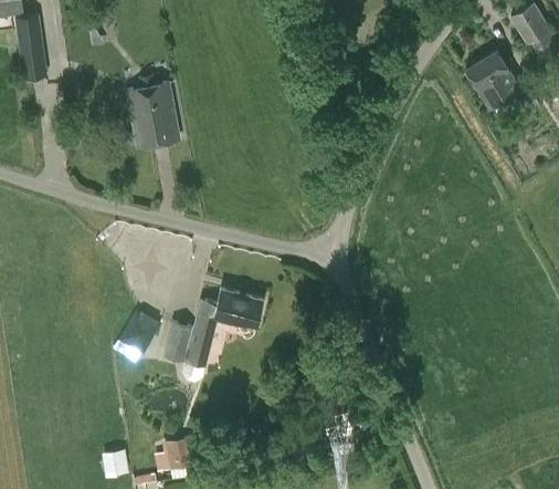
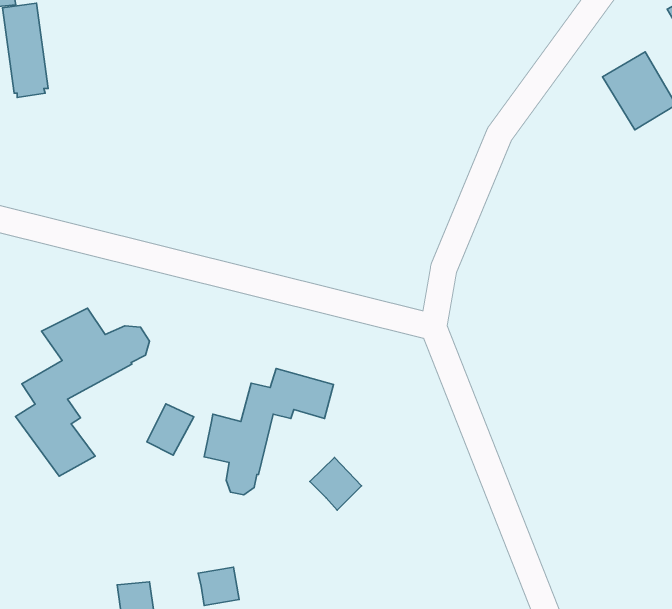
building: [125,84,178,148] -> none
building: none -> [15,308,150,476]
building: none -> [310,458,362,510]

